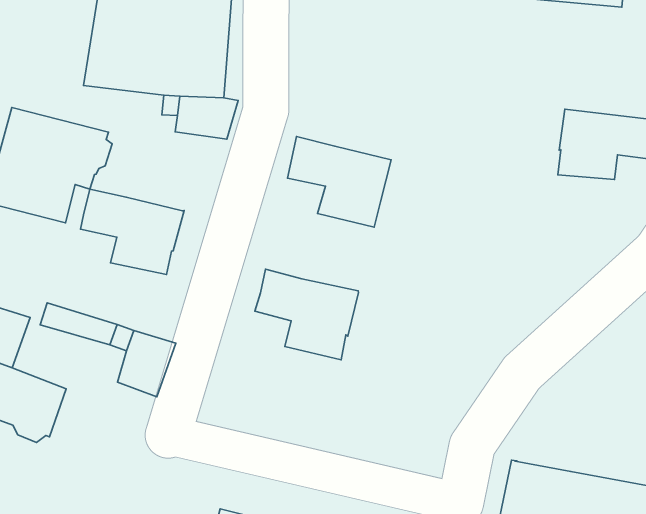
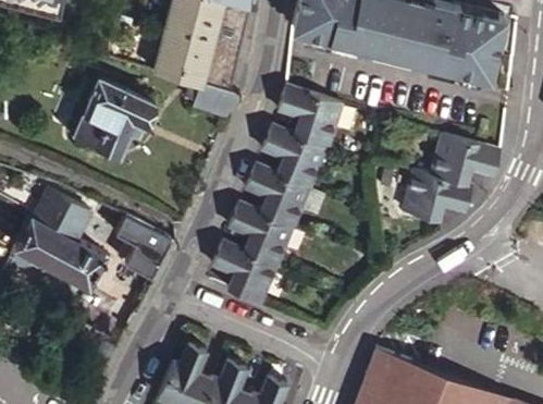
building: none -> [277,86,344,149]
building: none -> [403,171,471,221]
building: [81,189,184,275] -> [246,167,312,228]
building: none -> [212,245,279,307]

